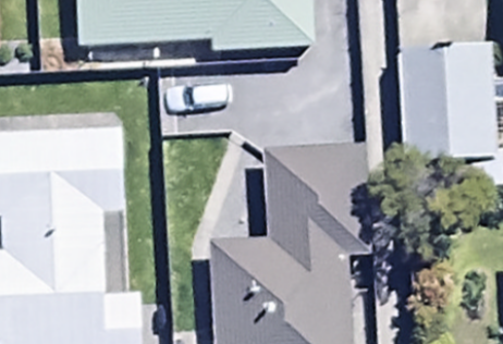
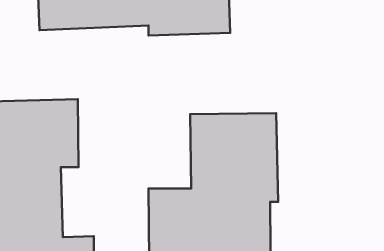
building: [400,46,493,160] -> none

